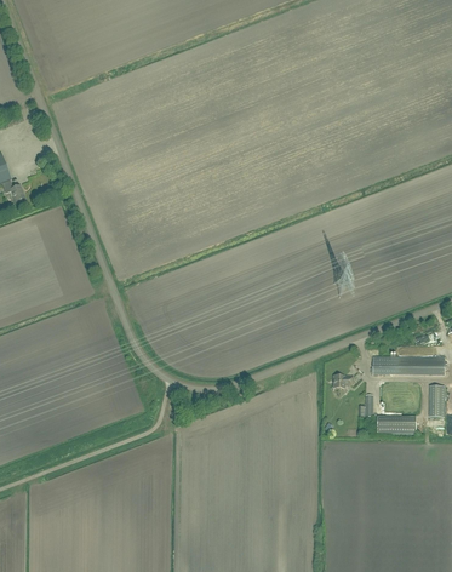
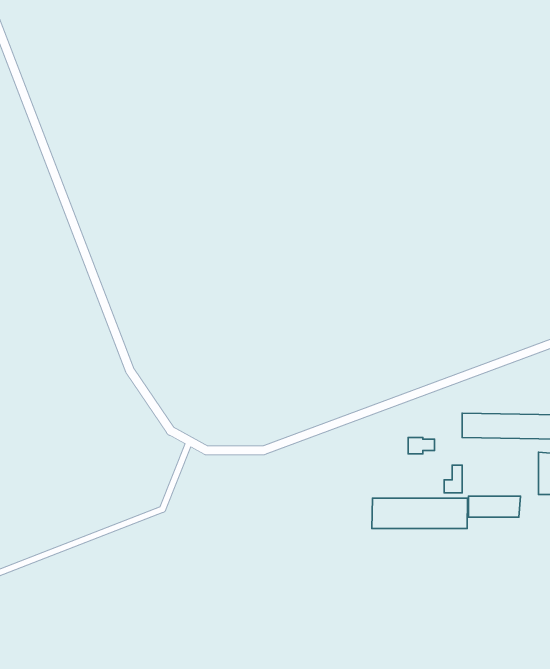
building: none -> [372,498,468,528]

